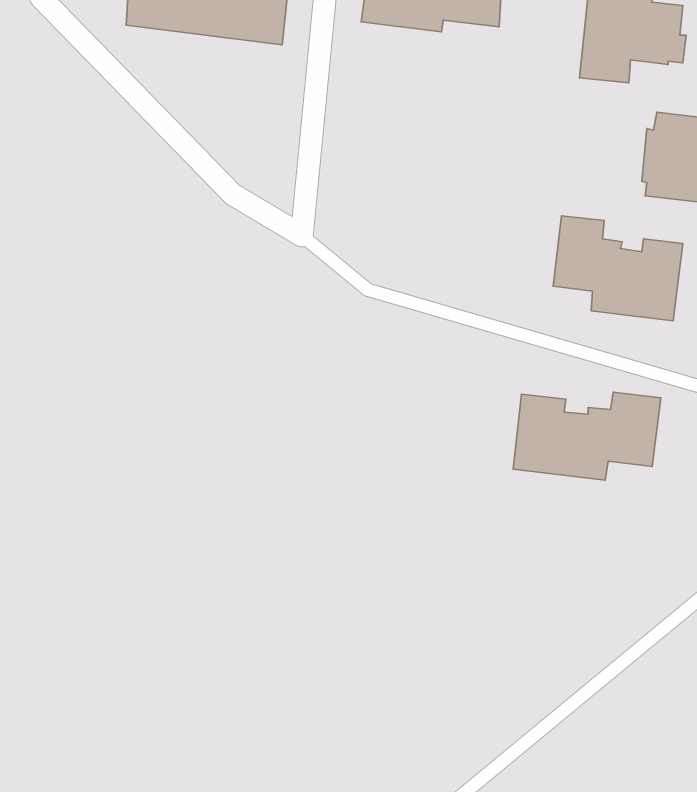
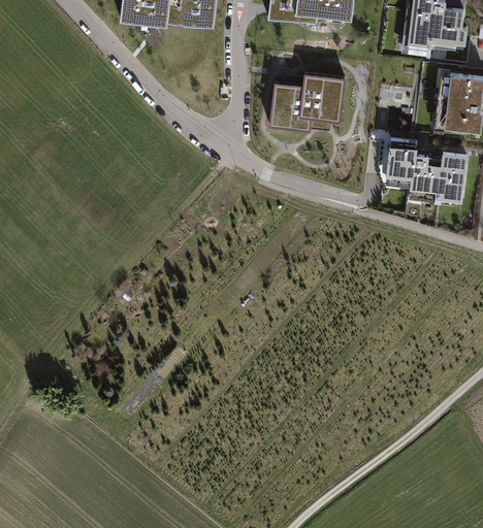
building: none -> [268,71,345,130]
building: [513,392,661,480] -> none

